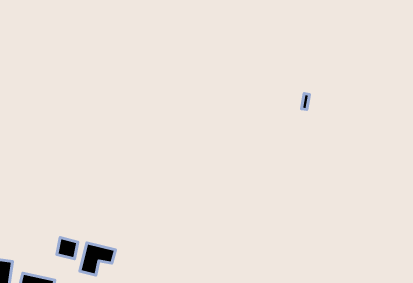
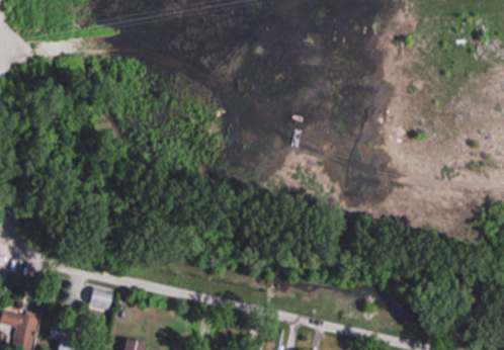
building: [80,243,116,275] -> none

